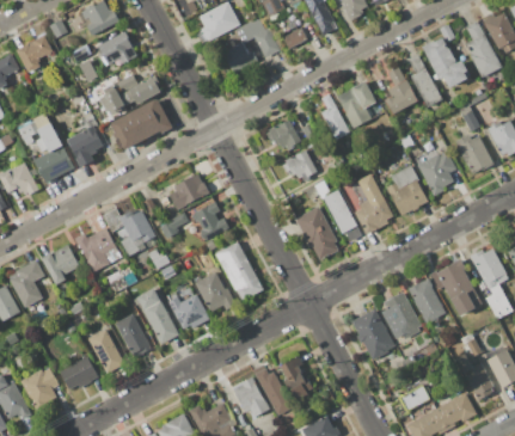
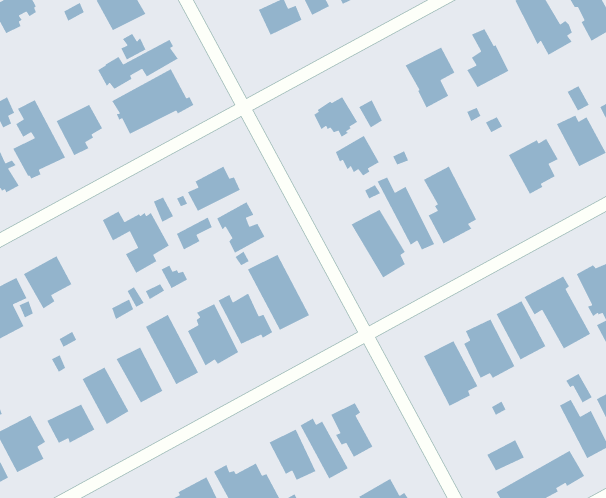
building: [409,54,442,108] -> none
building: [320,93,350,142] -> none
building: [386,166,428,215] -> none
building: [74,227,122,272] -> none

